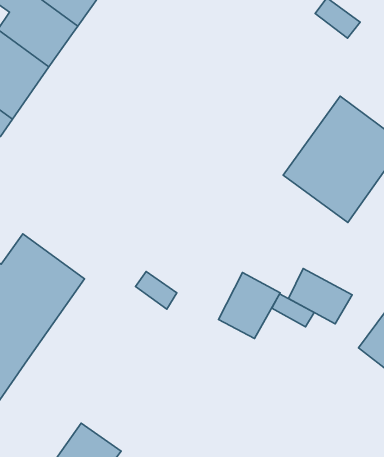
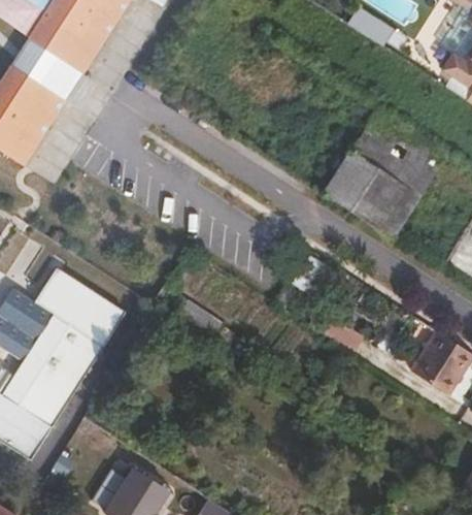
building: [289,268,352,324] -> none
building: [218,273,280,339] -> none

